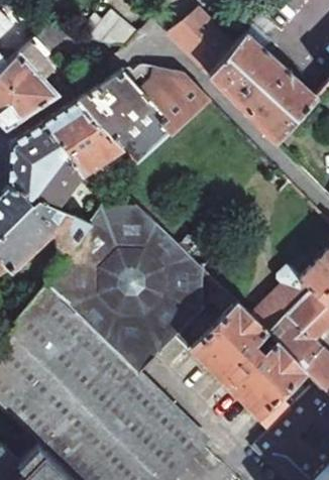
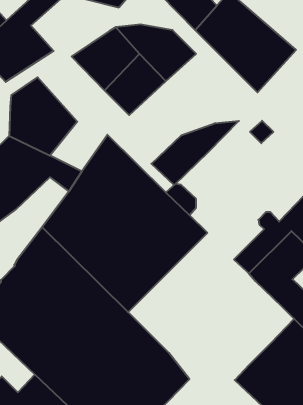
building: [42,104,121,173] -> none
building: none -> [151,121,239,185]
building: [176,306,304,434] -> none

